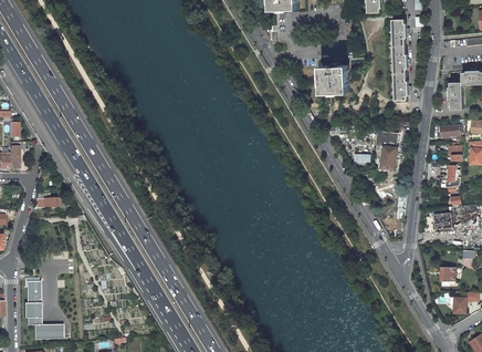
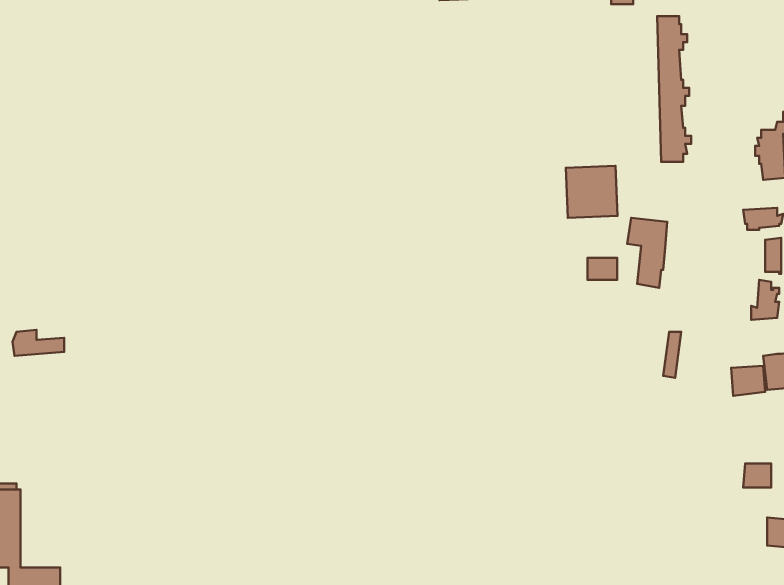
building: [321,64,349,93] -> [566,166,618,218]

